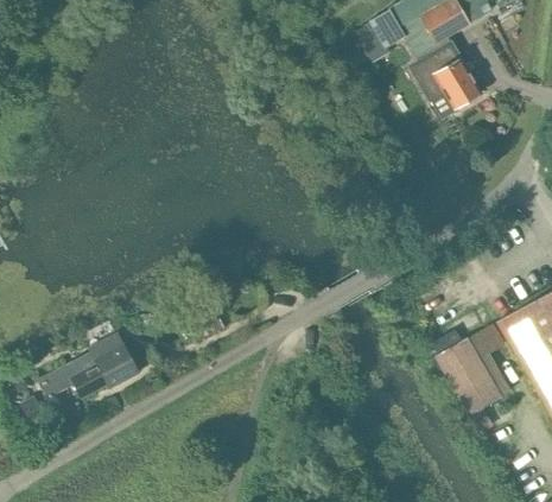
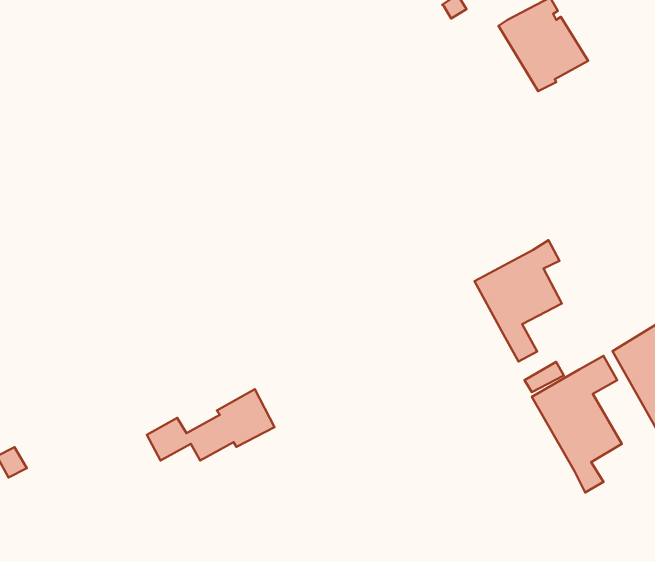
building: none -> [475,240,562,362]
building: [39,342,139,398] -> [147,389,275,461]

